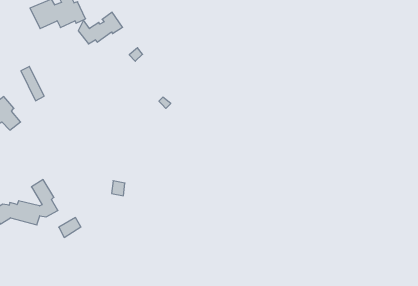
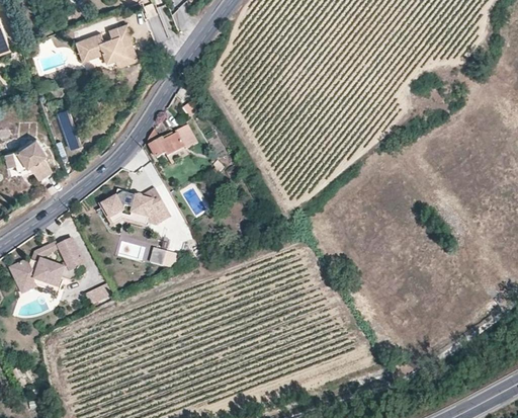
building: [78,12,123,44] -> [146,124,196,158]
building: none -> [101,187,169,225]

